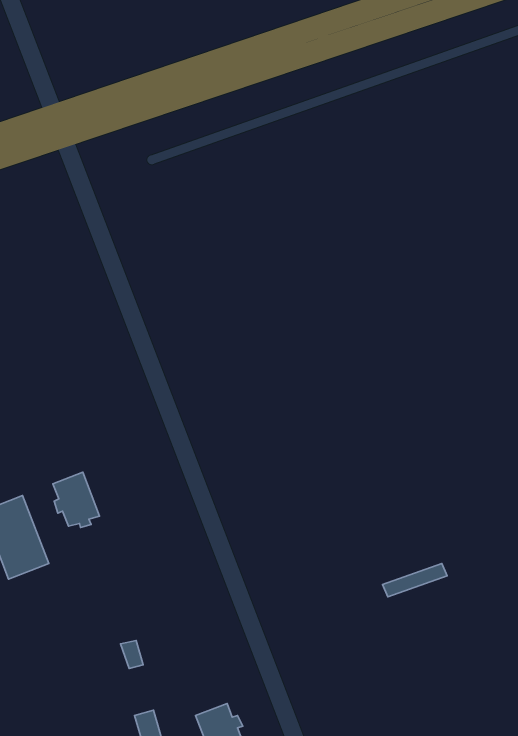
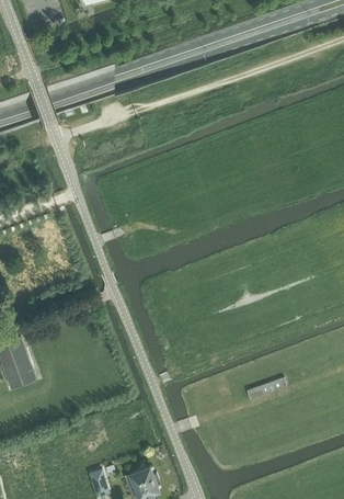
building: [53,472,100,528] -> none

